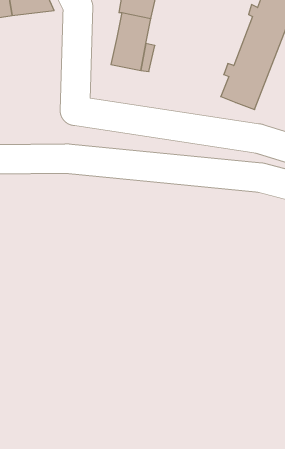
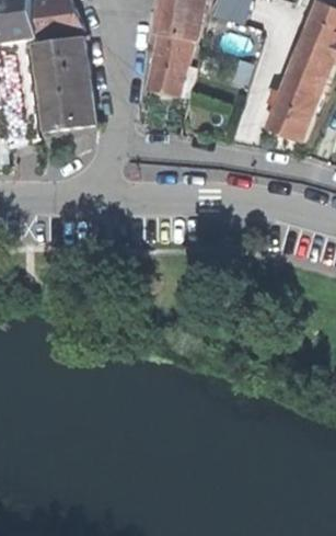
building: none -> [34,39,94,133]

